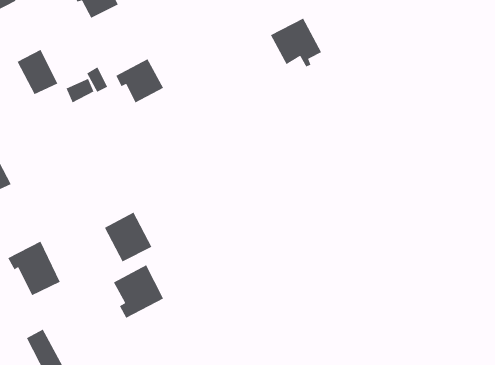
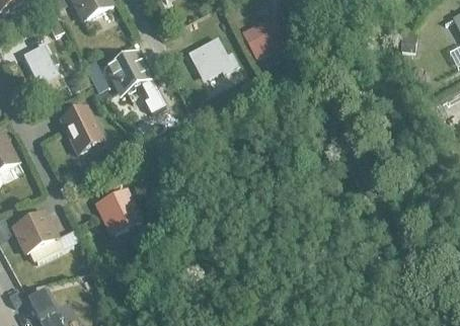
building: none -> [187,38,230,78]
building: none -> [59,103,106,155]
building: [113,264,164,319] -> none

